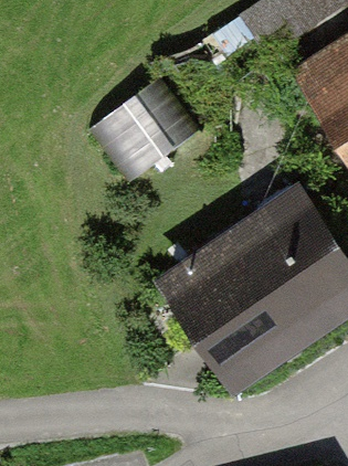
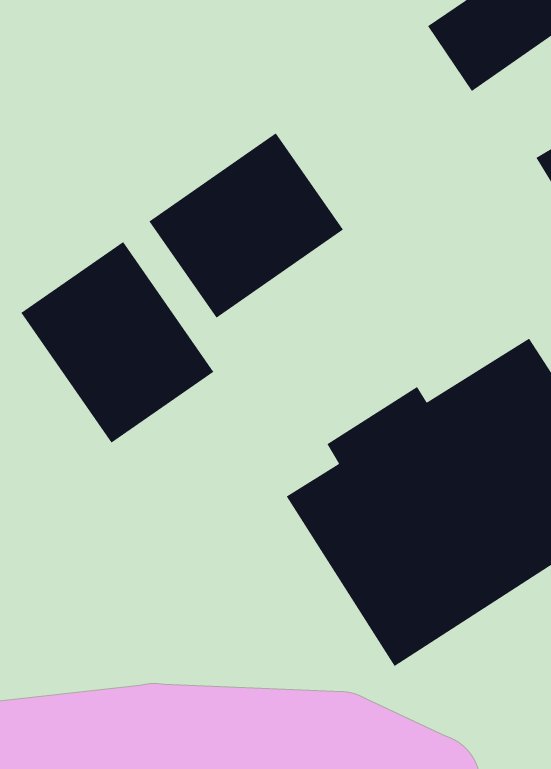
building: none -> [20,241,214,443]

